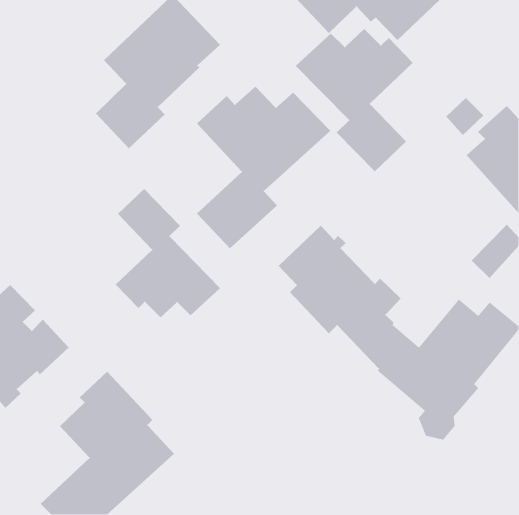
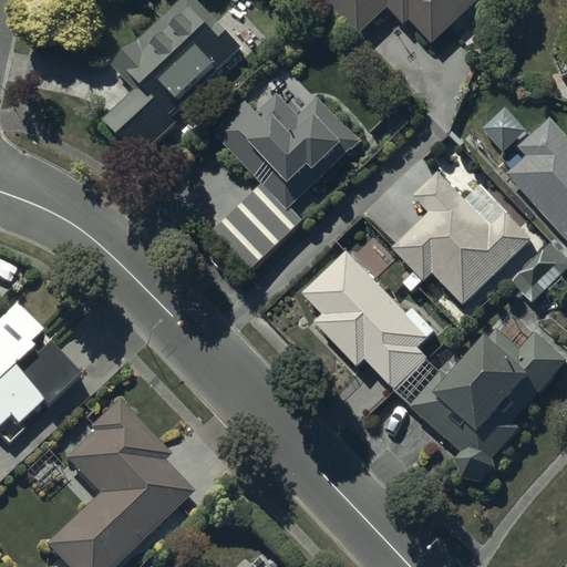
building: [295,28,413,172] -> none
building: none -> [391,174,533,306]
building: [115,188,221,318] -> none

